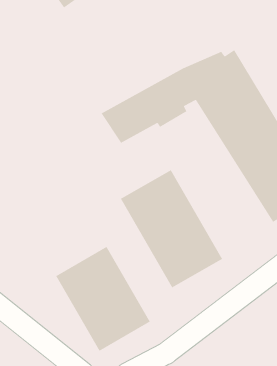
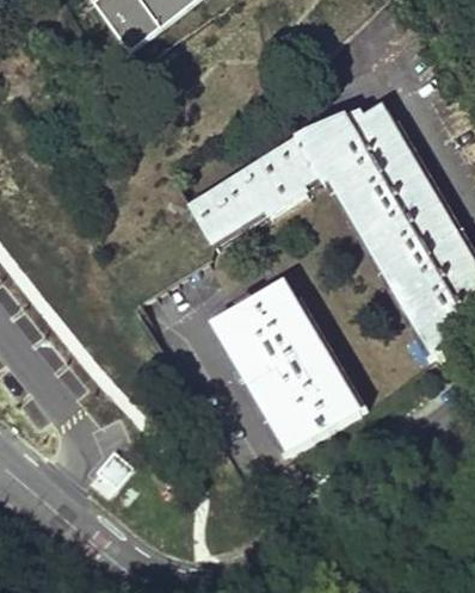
building: [55,246,151,352] -> none

